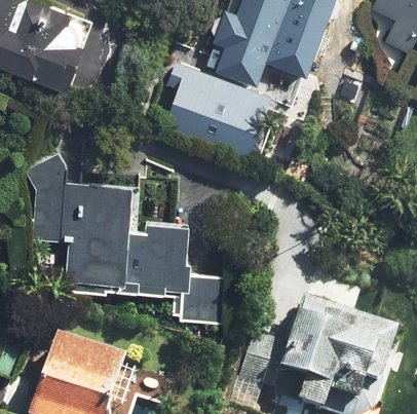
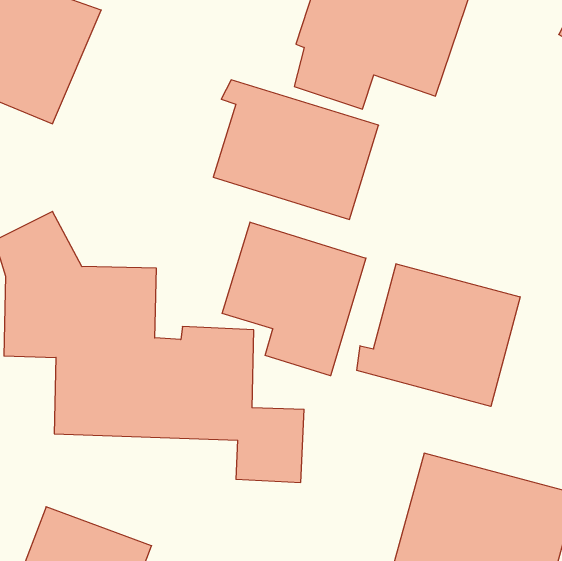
building: none -> [222,222,366,376]
building: none -> [357,264,520,406]

